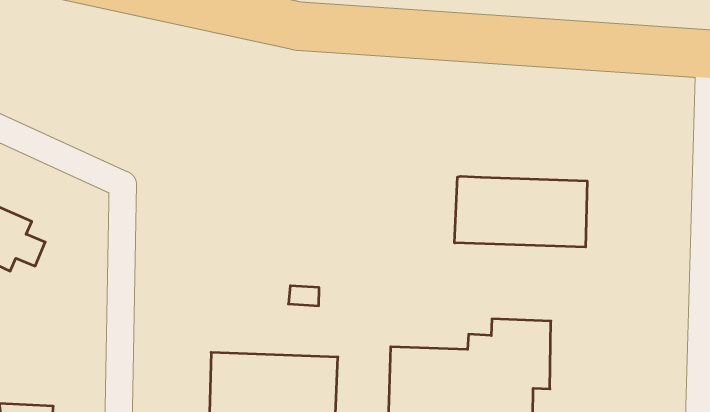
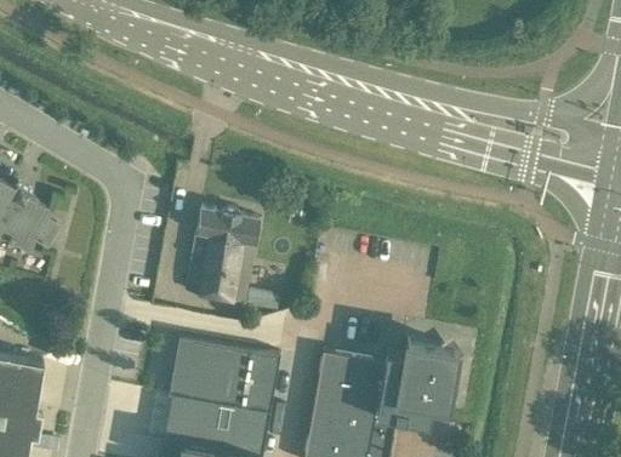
building: [455,176,587,247] -> none
building: none -> [183,210,257,304]

